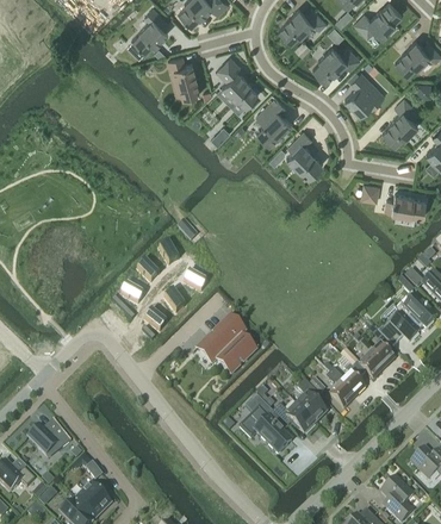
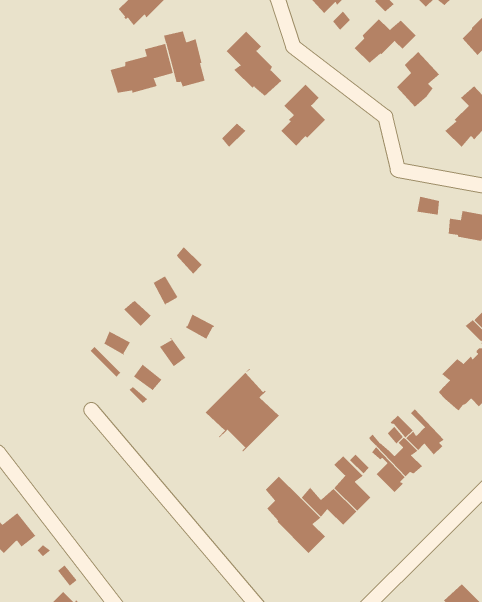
building: none -> [110,43,173,94]
building: [287,130,323,176] -> none
building: [354,333,395,367] -> none

